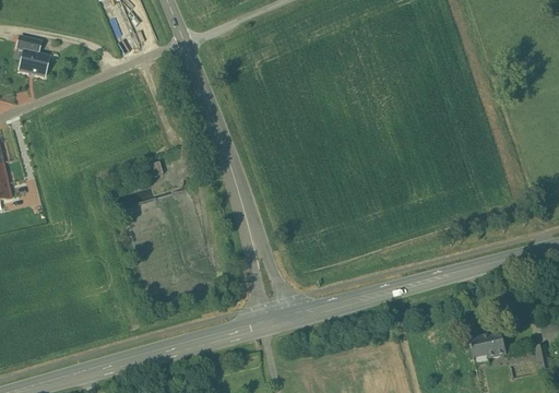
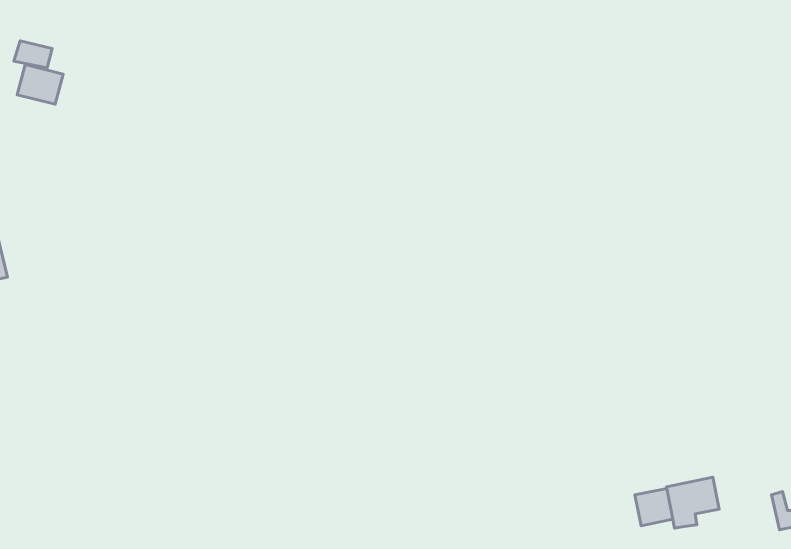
building: none -> [635,488,673,526]

